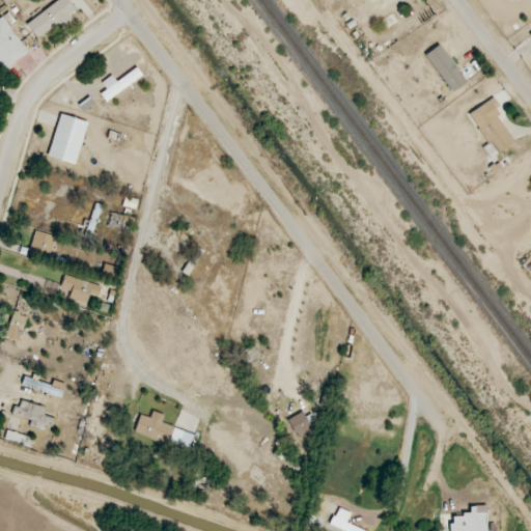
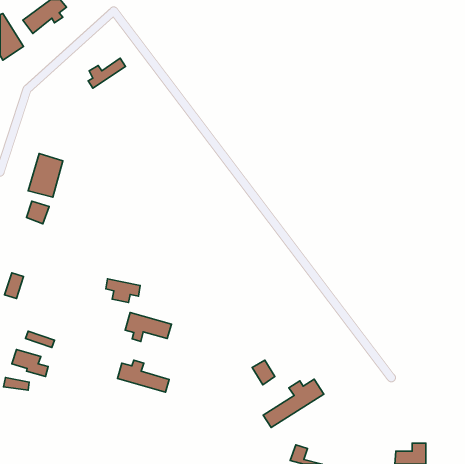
building: [424,44,467,90] -> none
building: [469,96,514,153] -> none
building: [48,113,87,163] -> [28,153,63,197]
building: [61,276,101,303] -> [106,279,140,303]
building: none -> [125,312,171,341]
building: none -> [263,379,324,427]

